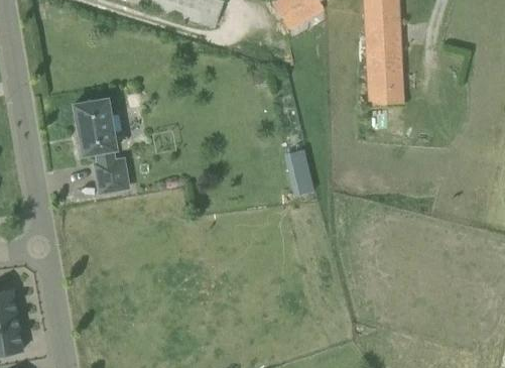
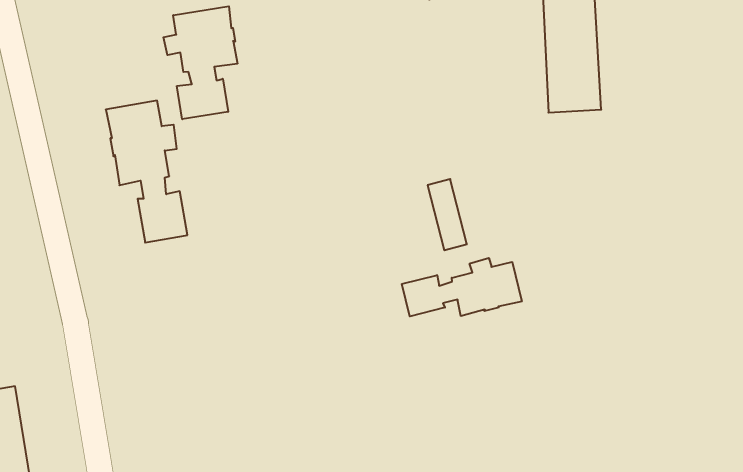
building: none -> [163,6,237,119]
building: none -> [402,258,522,316]

